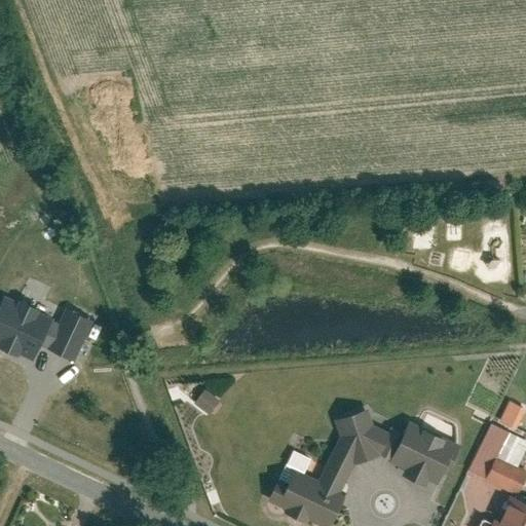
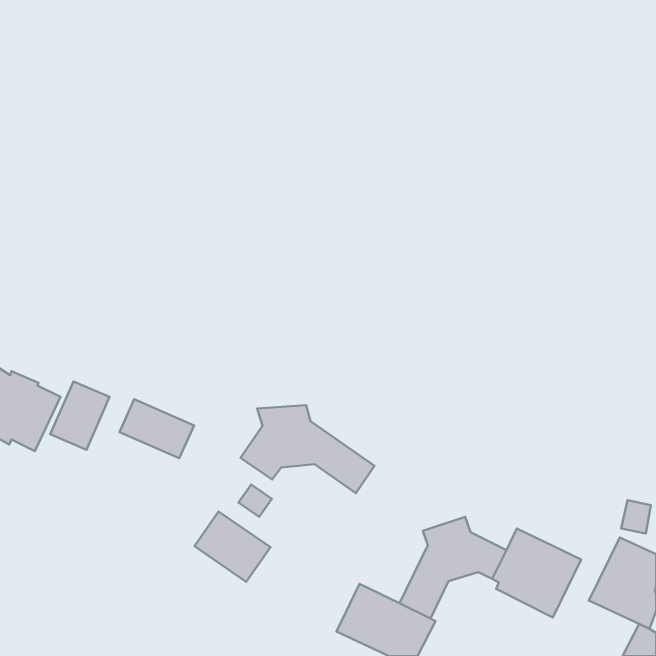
building: none -> [119,399,194,458]
building: none -> [240,405,375,493]
building: none -> [194,512,270,582]

